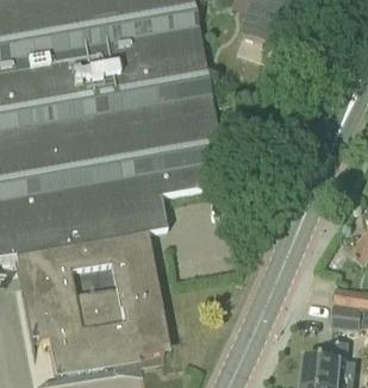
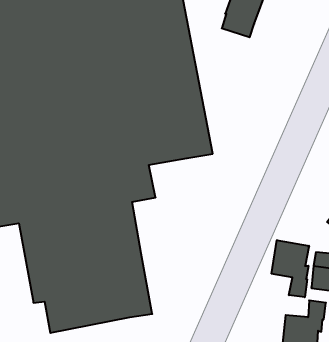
building: none -> [272,240,309,297]

